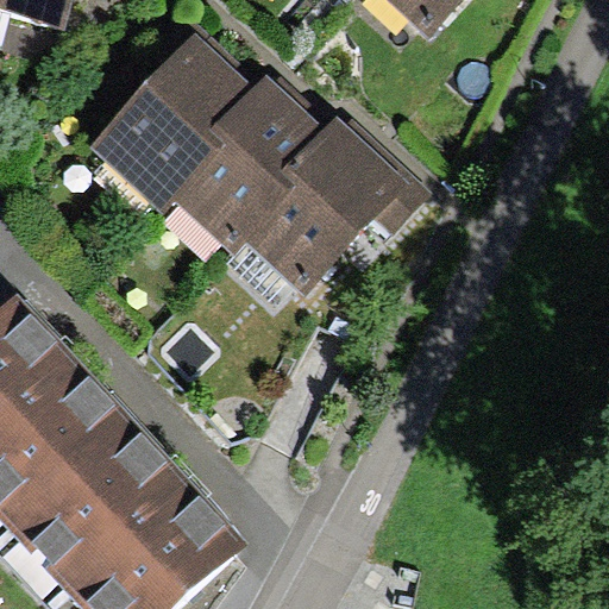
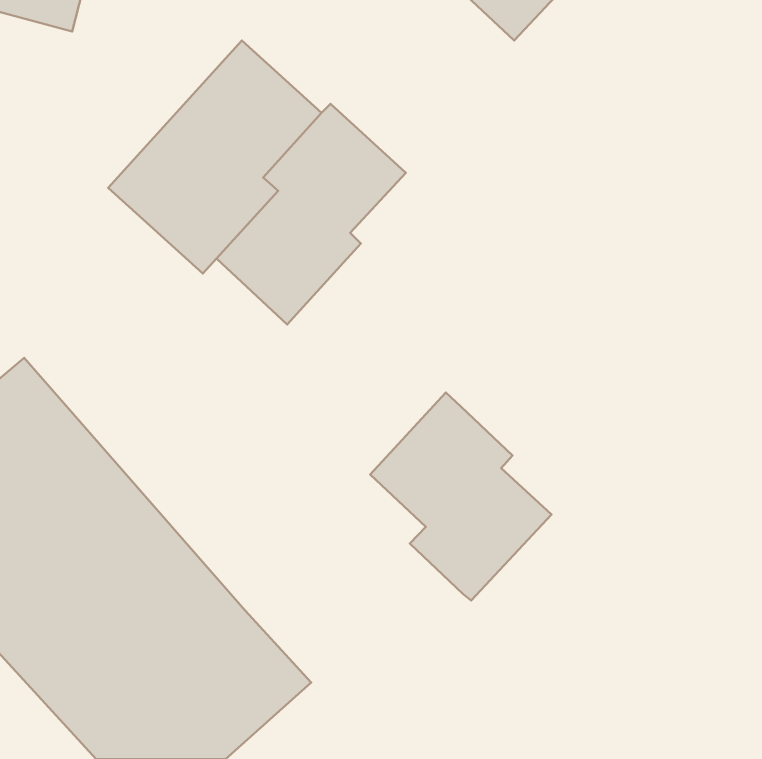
building: [240,123,407,301] -> none
building: none -> [370,392,552,601]

